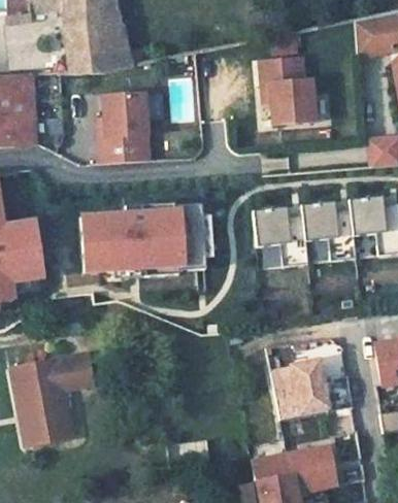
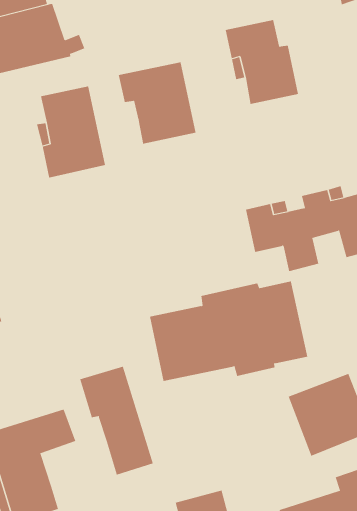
building: none -> [118,61,196,144]
building: [82,204,208,278] -> [149,281,308,381]
building: none -> [79,366,154,475]

